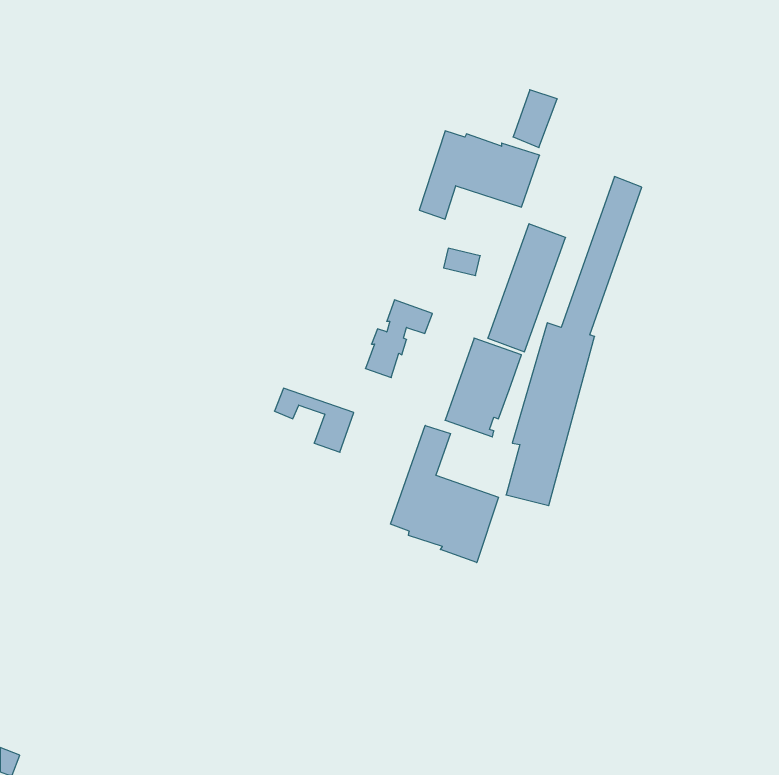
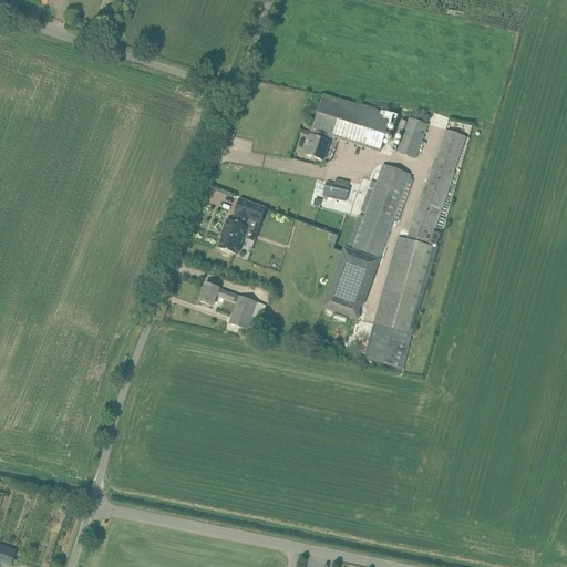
building: [513,90,557,148] -> [396,116,429,158]
building: [365,300,432,378] -> [218,197,267,254]
building: [391,425,498,563] -> none

